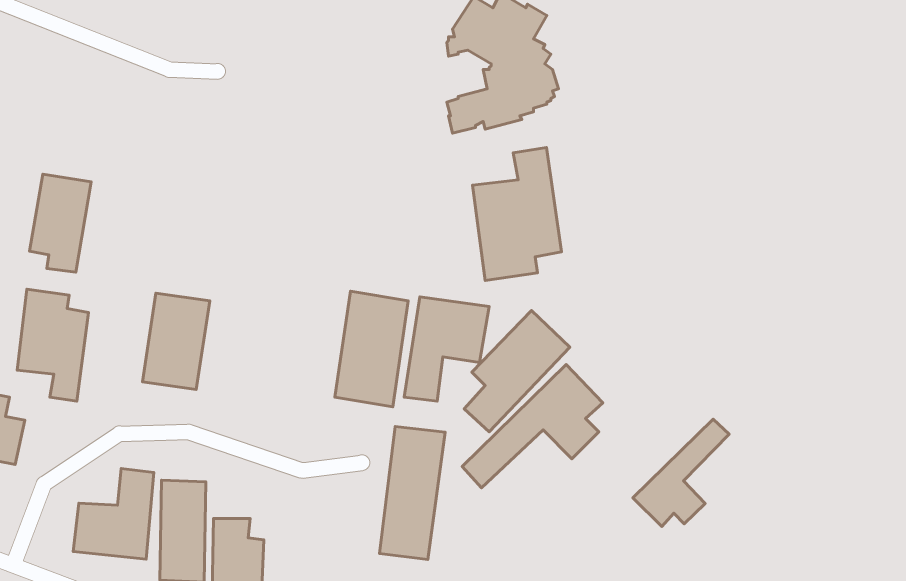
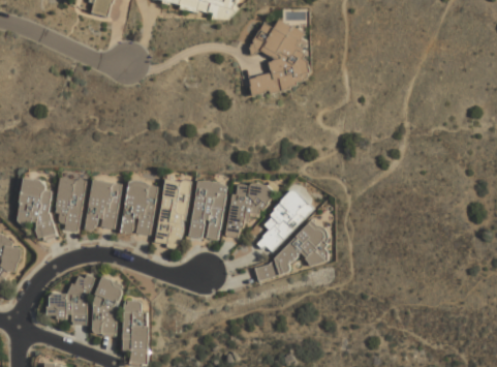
building: [473,148,561,281] -> none
building: [29,174,91,272] -> [54,178,87,231]
building: none -> [120,179,157,238]
building: [633,419,729,526] -> none
building: [380,426,445,559] -> [155,178,190,249]

